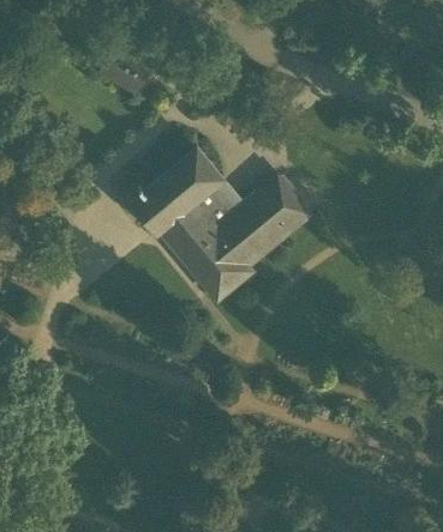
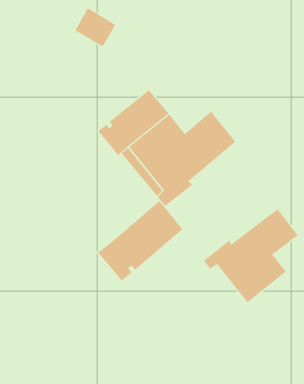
building: none -> [97,200,183,282]
building: none -> [203,209,299,303]

